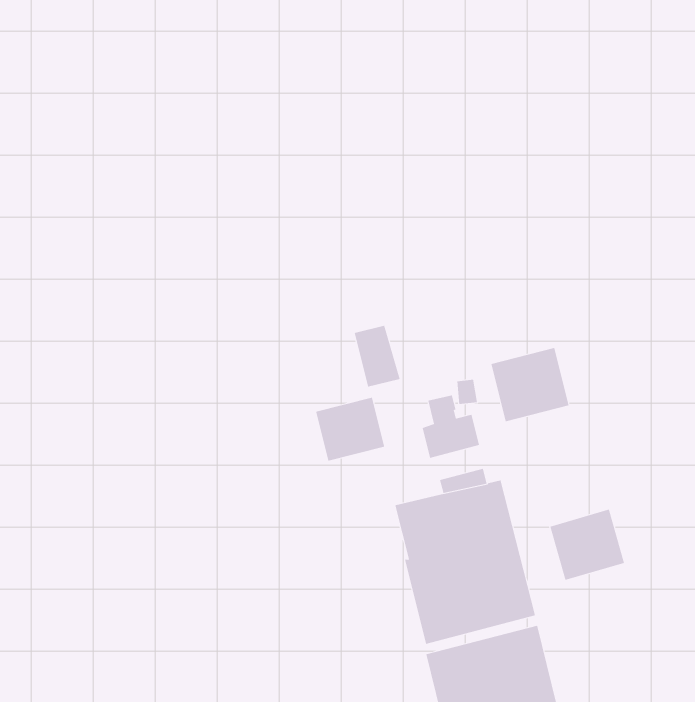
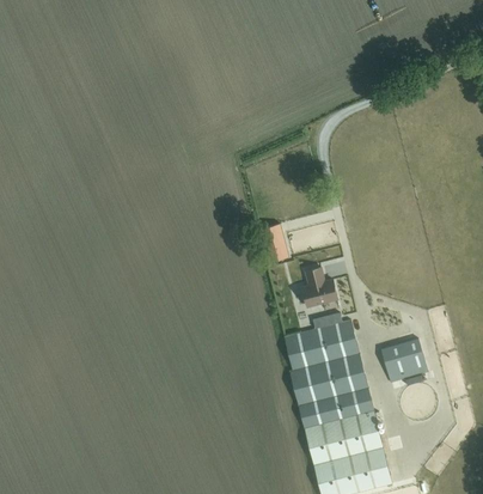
building: [491,347,569,422] -> none
building: [316,397,385,462] -> none

